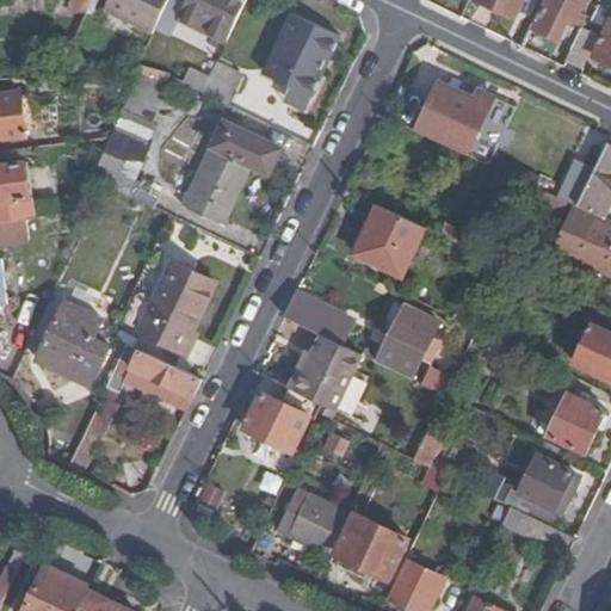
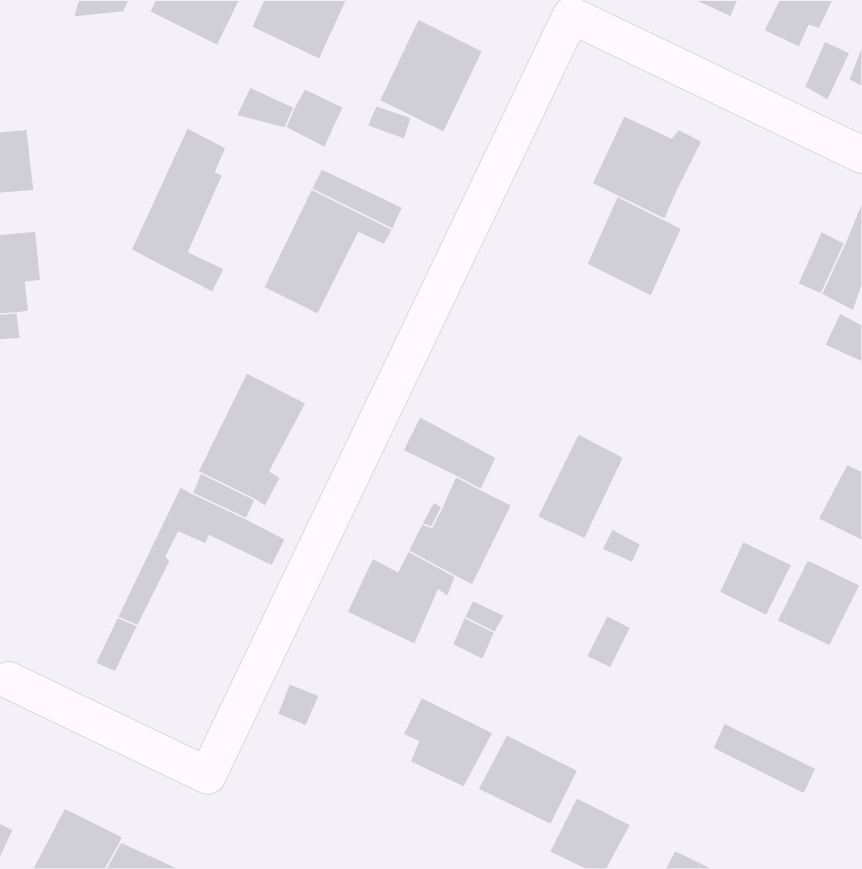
building: [357,205,424,276] -> [587,196,682,296]
building: [32,308,105,390] -> none
building: [520,457,572,510] -> [719,541,792,616]

